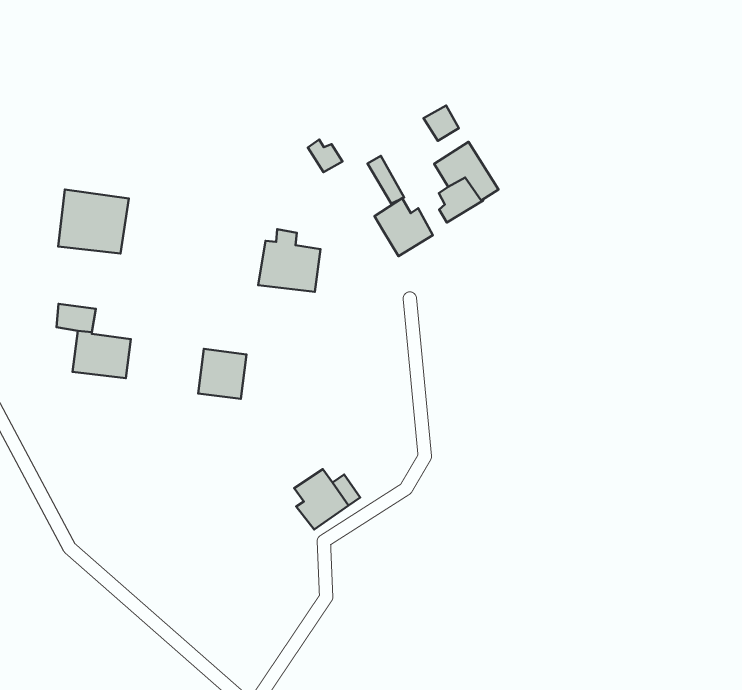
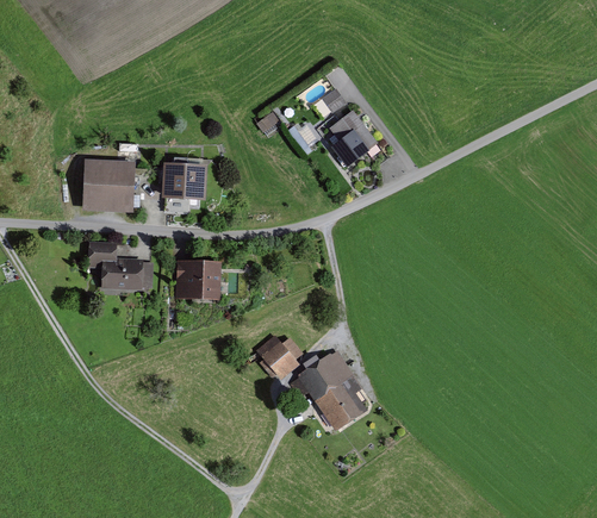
building: [374,198,433,256] -> none
building: [258,229,321,292] -> [164,157,204,196]
building: none -> [292,352,366,425]

